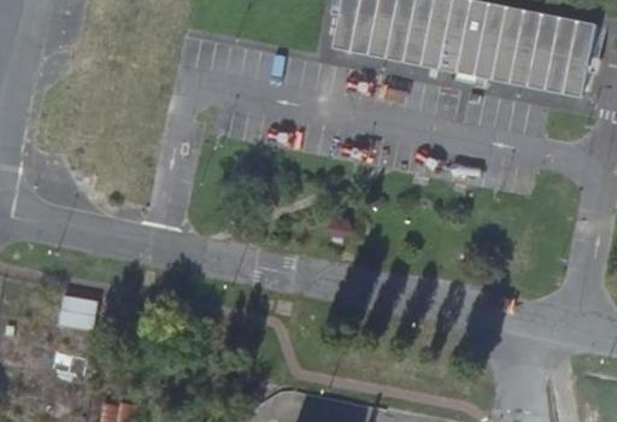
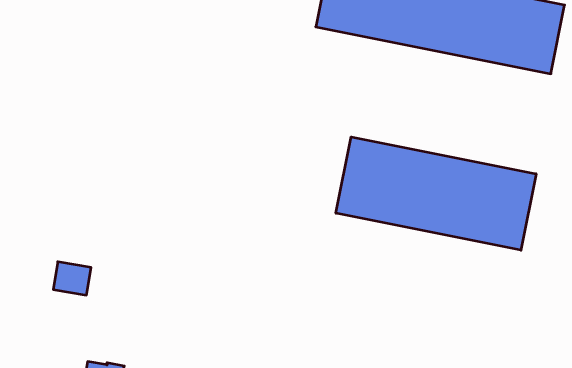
building: none -> [336,137,536,250]

